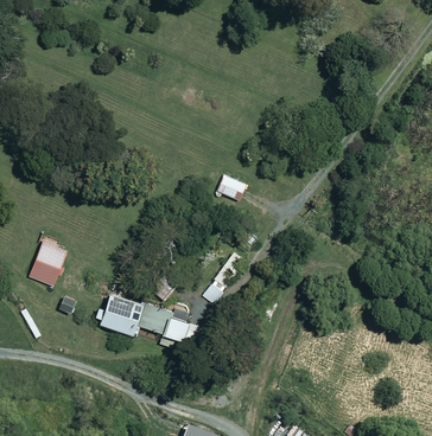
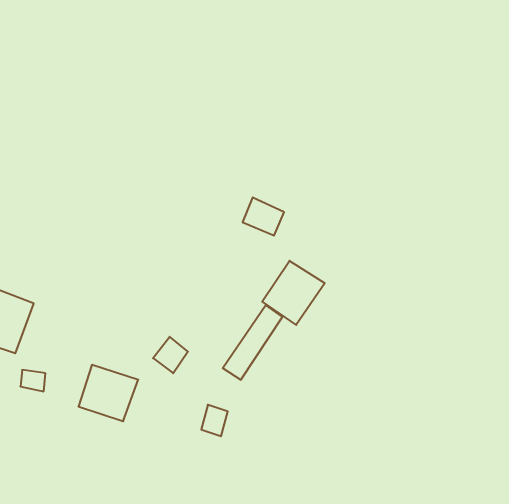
building: none -> [262,261,325,325]
building: [140,307,189,340] -> none

